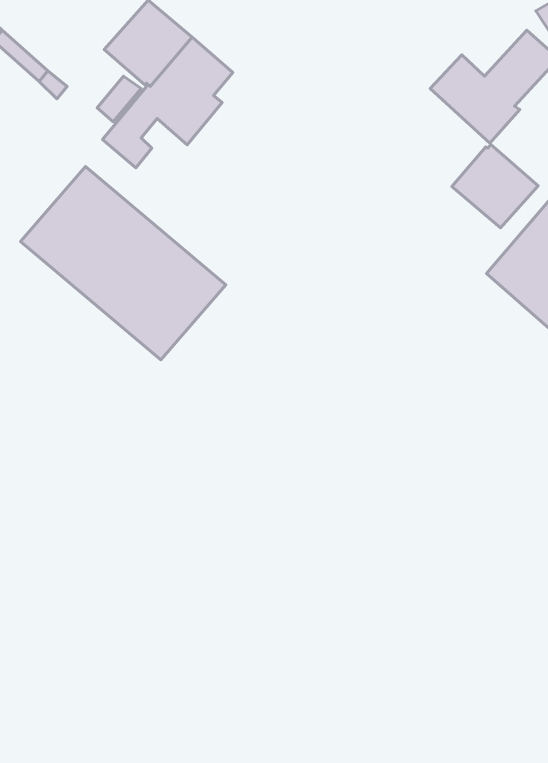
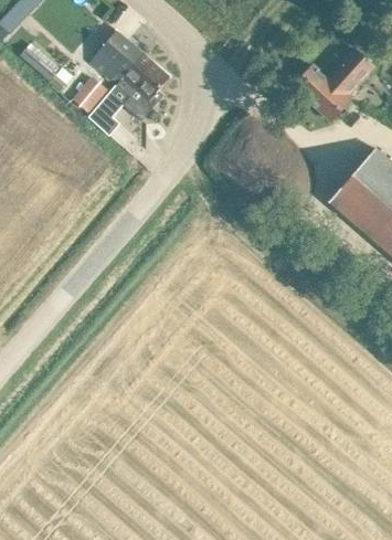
building: [452,144,538,228] -> none
building: [20,167,226,360] -> none

